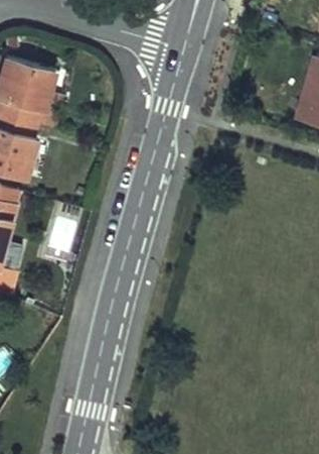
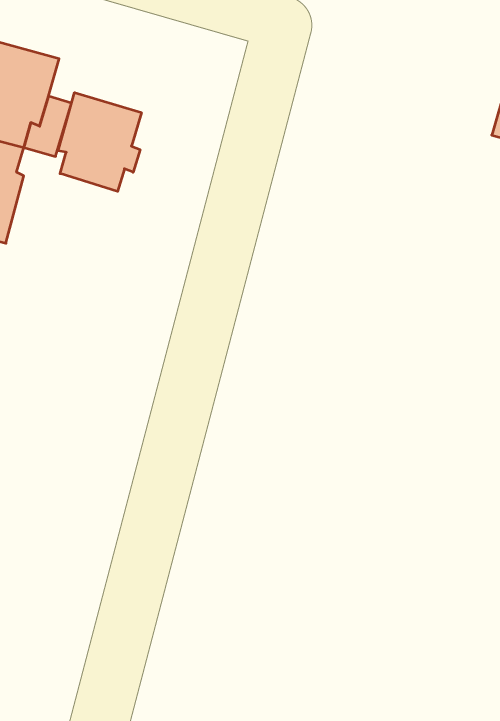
building: none -> [58,93,141,191]

